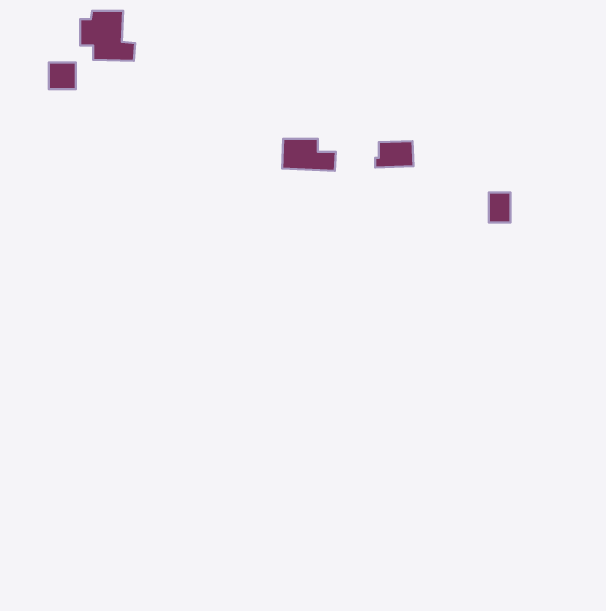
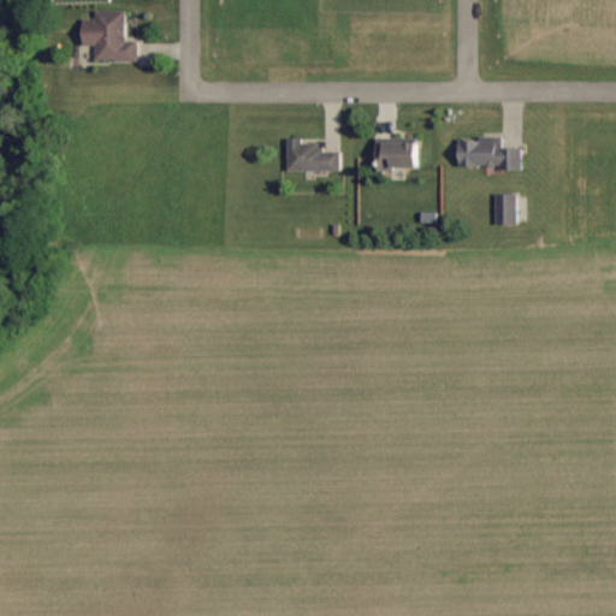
building: [49,63,76,89] -> none
building: none -> [456,141,519,167]

